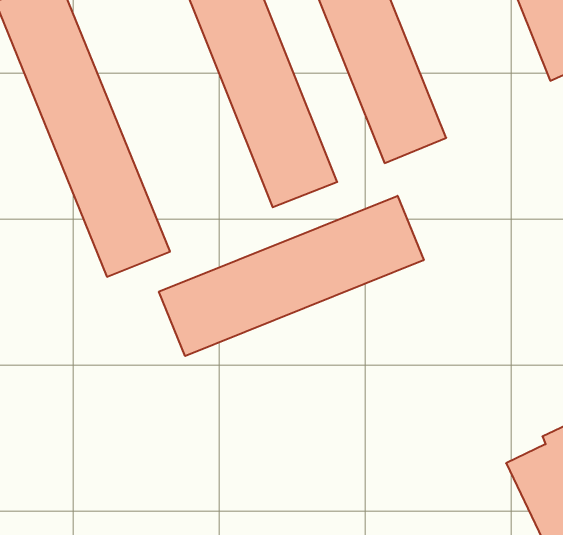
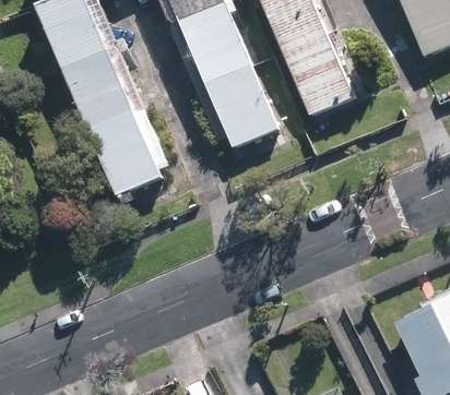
building: [159,196,424,356] -> none

